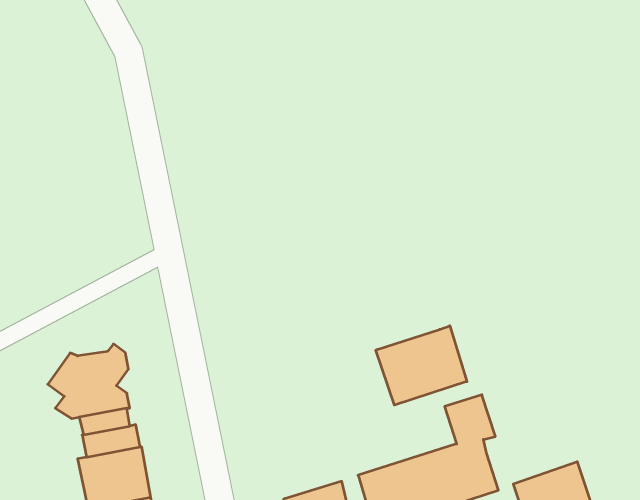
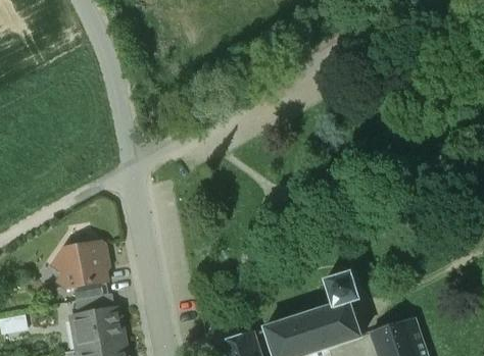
building: [376,326,467,405] -> none

